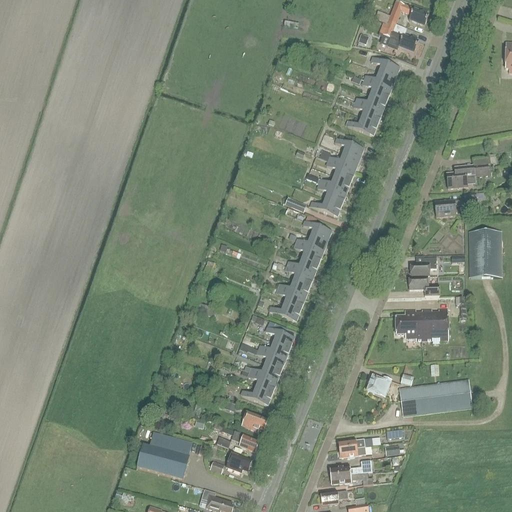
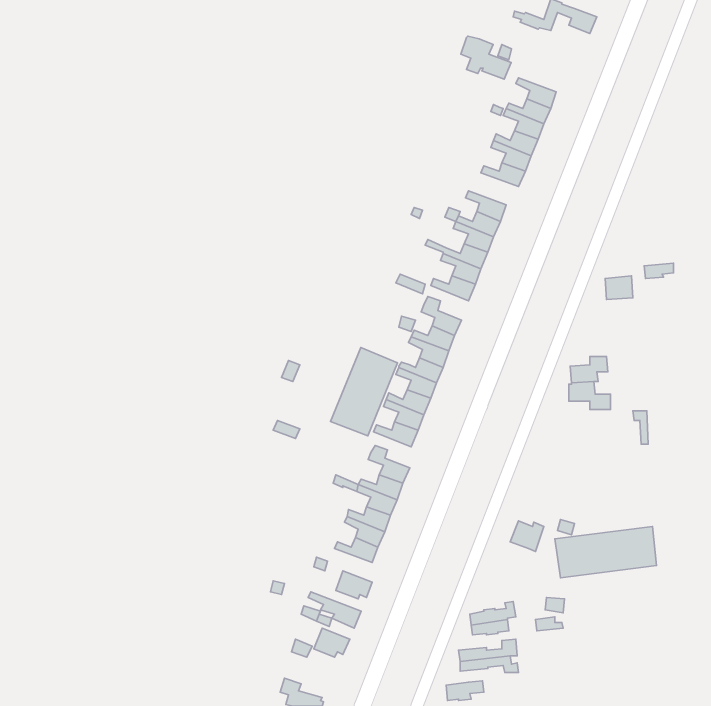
building: [382,20,418,51] -> [461,36,511,79]
building: [445,163,488,187] -> none
building: [468,229,501,275] -> none
building: none -> [331,347,398,436]
building: [394,308,447,339] -> none
building: [135,432,191,480] -> none

